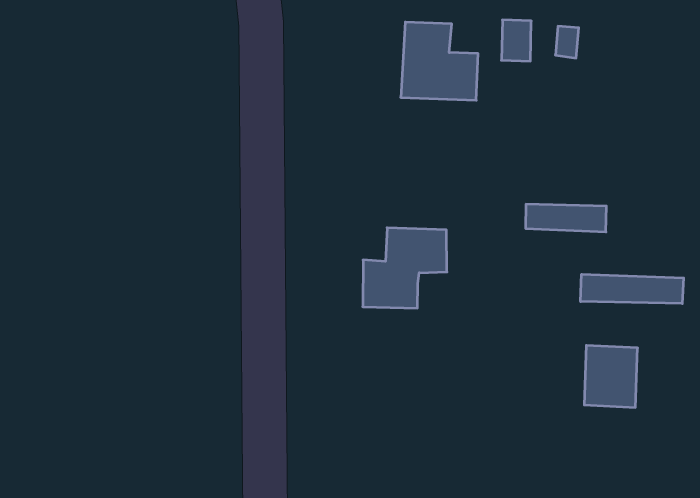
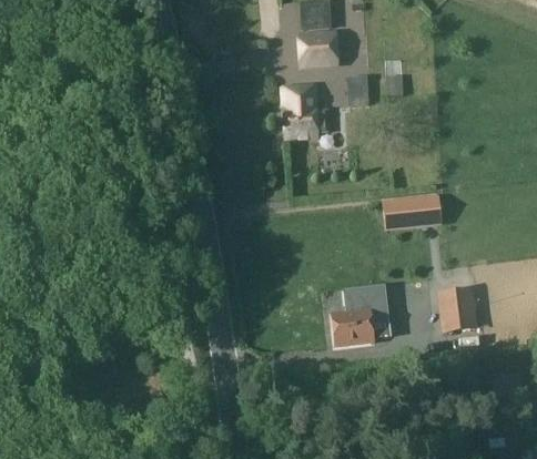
building: [363,228,447,308] -> [332,285,391,346]
building: [581,274,684,304] -> none

